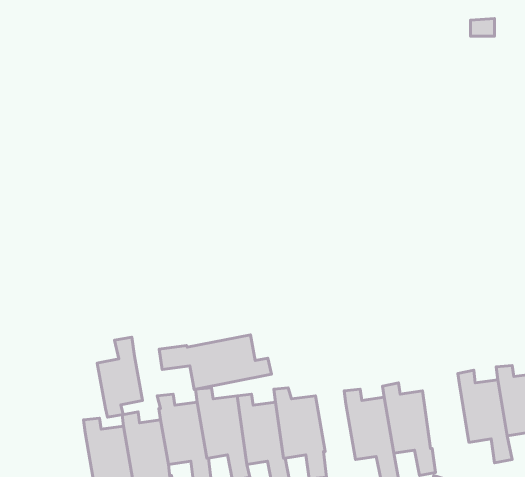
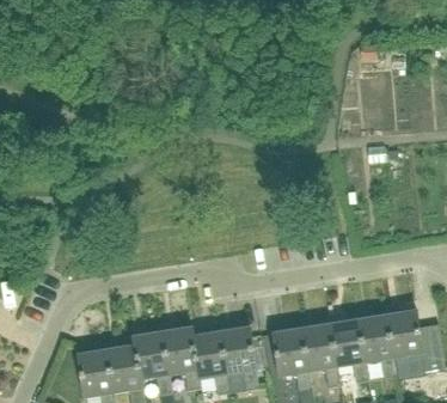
building: [159,335,272,390] -> none
building: [97,337,143,417] -> none
building: none -> [327,313,367,383]

